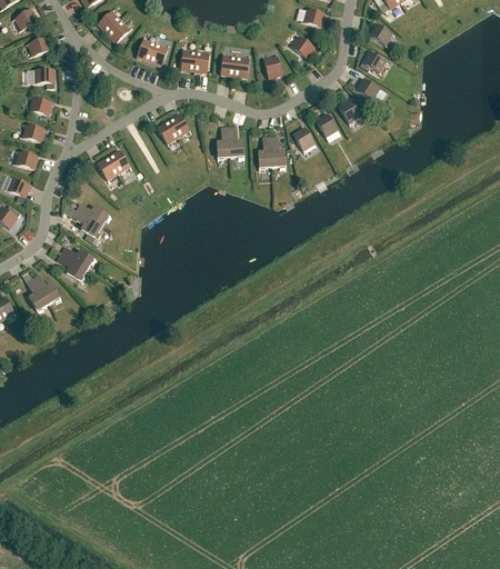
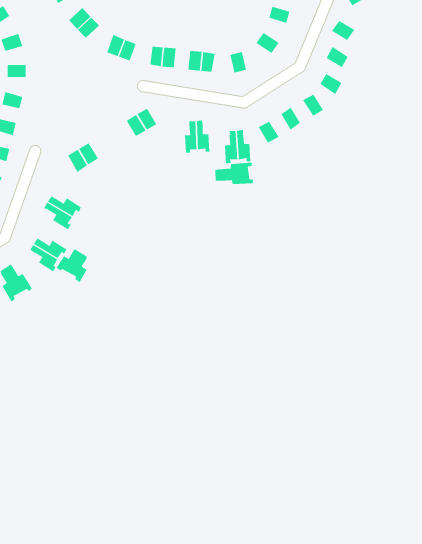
building: none -> [215,162,253,185]
building: none -> [56,248,88,283]

